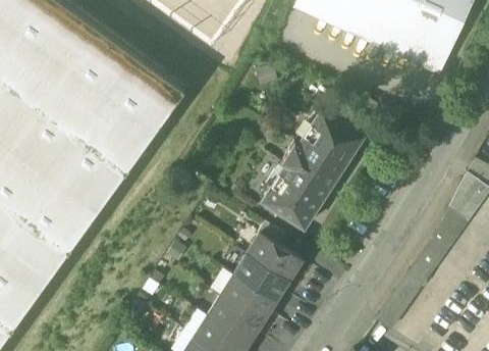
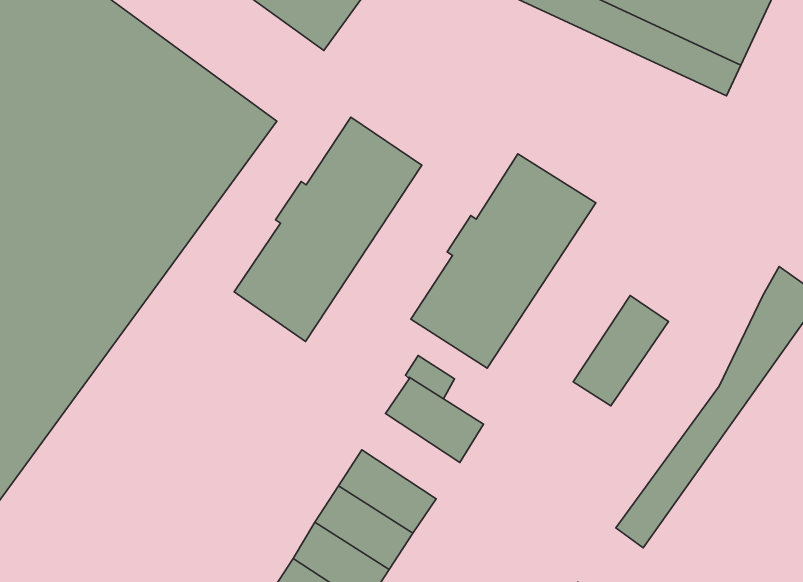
building: none -> [234,117,422,342]
building: none -> [573,296,669,406]
building: [233,255,288,303] -> none

